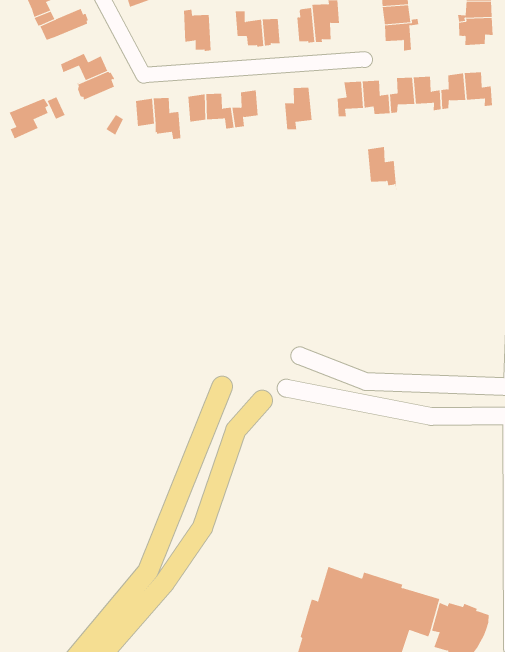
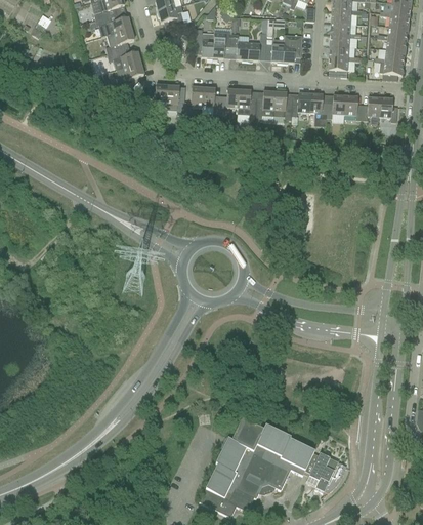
building: none -> [212,32,231,57]
building: none -> [238,88,256,118]
building: [9,98,49,139] -> [107,28,135,52]
building: [367,147,397,191] -> [273,91,292,122]

